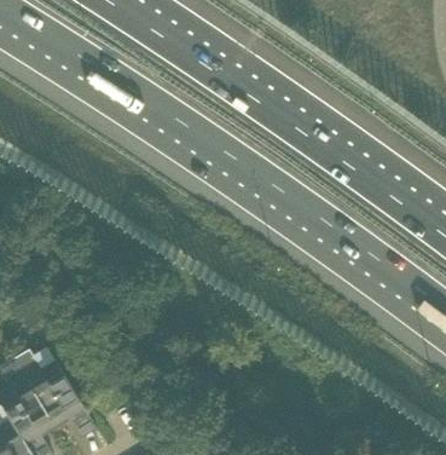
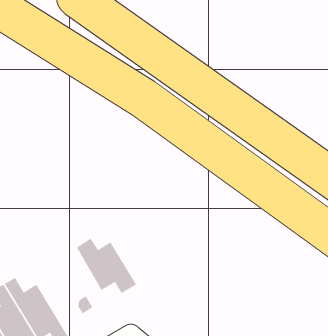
building: none -> [76,238,137,294]

